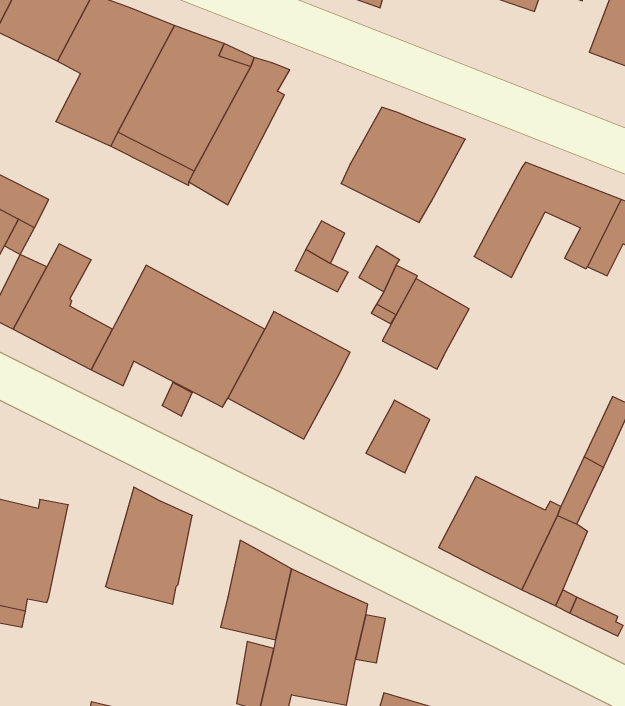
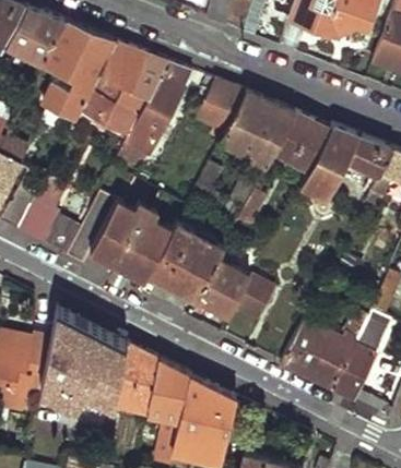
building: none -> [197,83,245,130]
building: none -> [275,115,331,170]
building: [382,279,469,369] -> [197,261,250,316]
building: none -> [39,310,92,404]
building: none -> [119,346,157,396]

